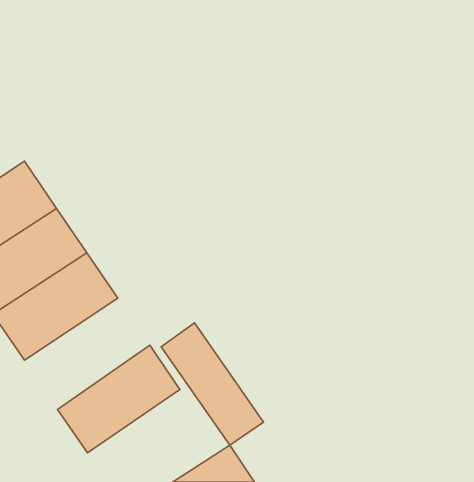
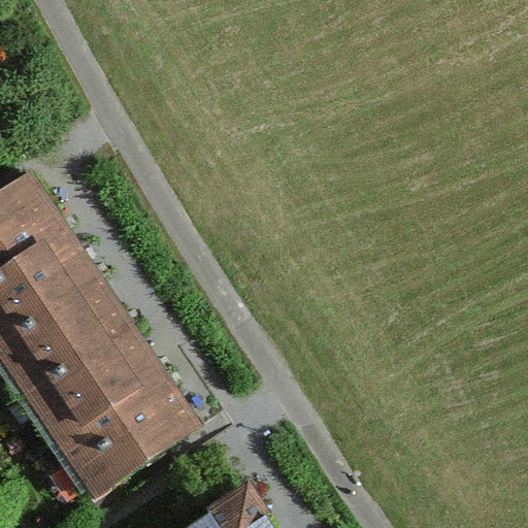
building: none -> [27,326,164,448]
building: [161,323,263,445] -> none

